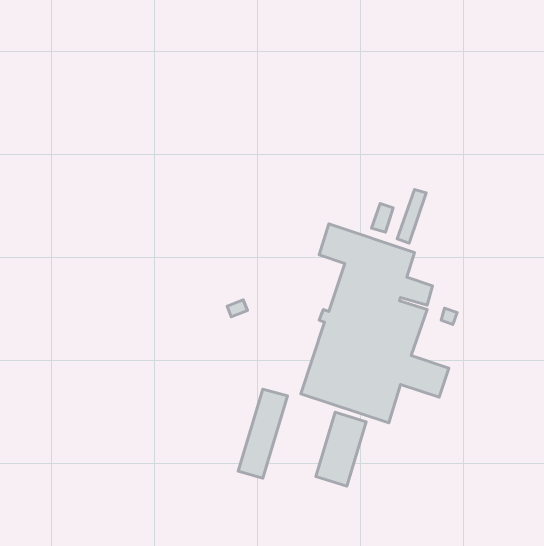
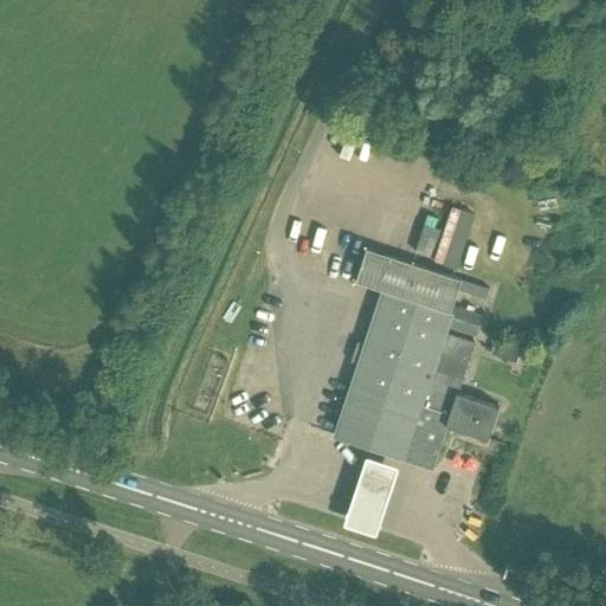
building: [238,389,287,478] -> none

